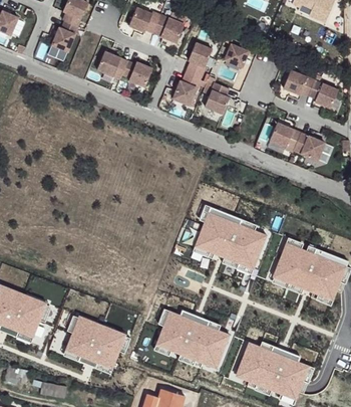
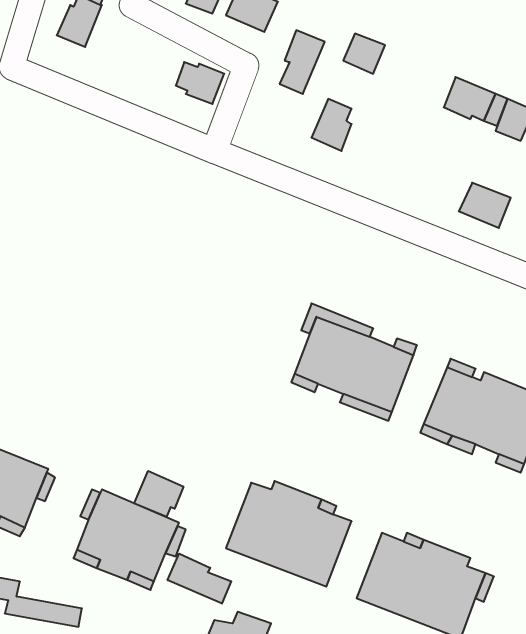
building: [98,50,128,77] -> none
building: [172,72,200,104] -> none
building: [270,122,301,151] -> none
building: none -> [134,471,183,517]
building: none -> [168,554,231,604]

